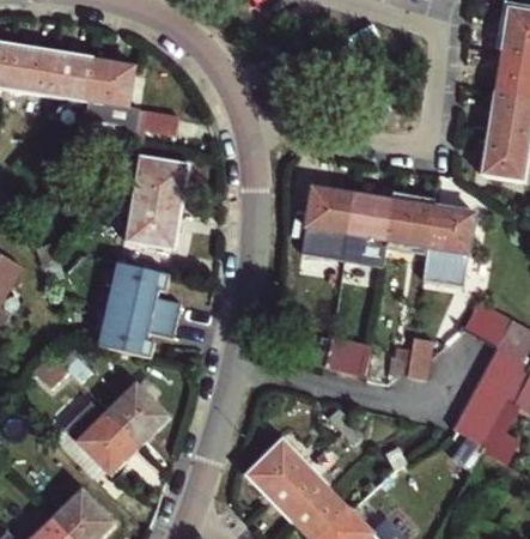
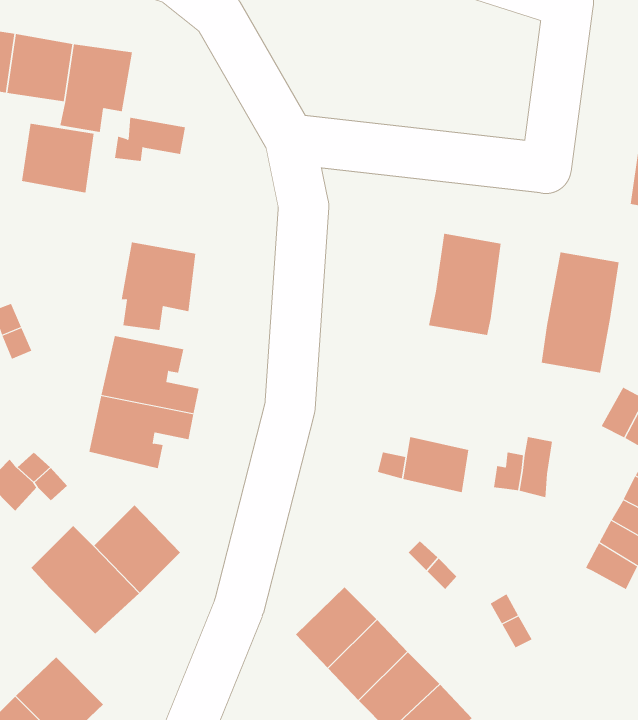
building: [133,158,184,207] -> [21,123,95,193]
building: [304,186,352,234] -> none
building: [385,200,433,258] -> none

